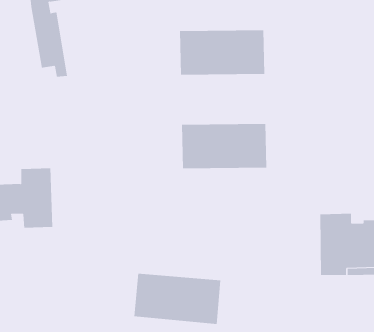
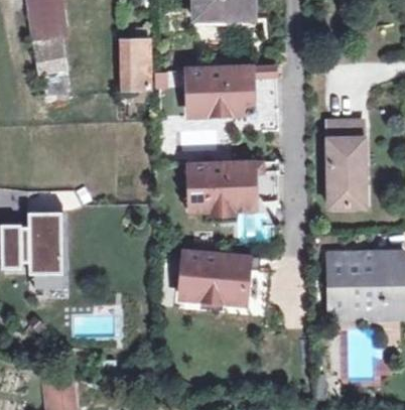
building: none -> [121,40,148,90]
building: none -> [326,122,364,208]
building: [134,273,221,324] -> [180,254,270,306]

